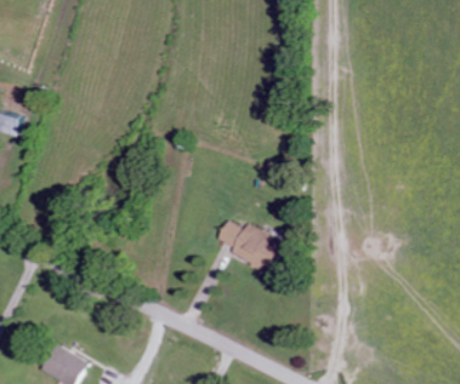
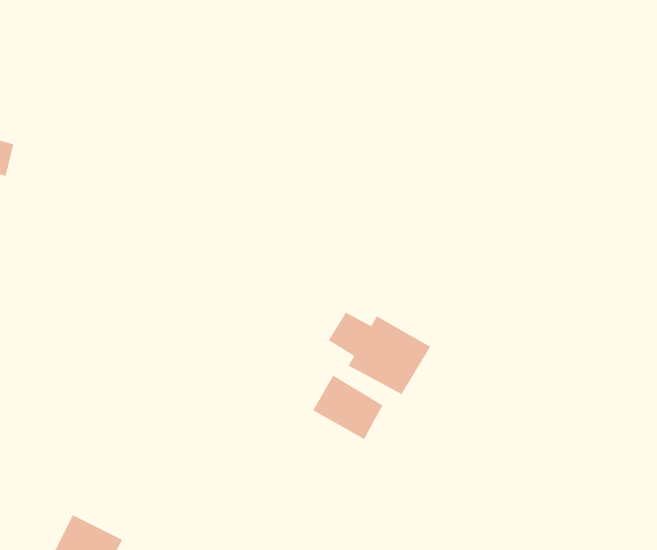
building: none -> [312,374,383,440]

